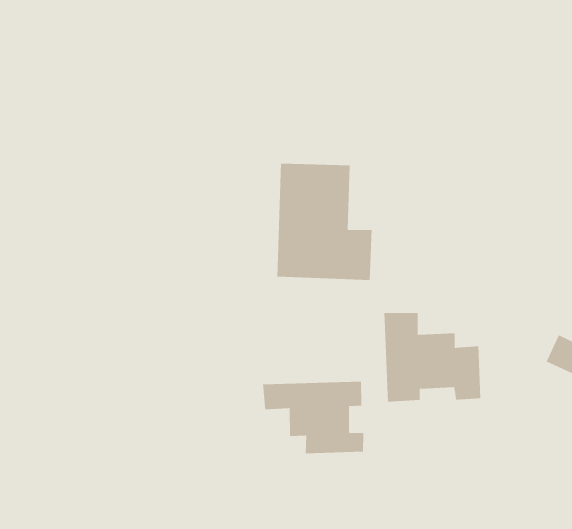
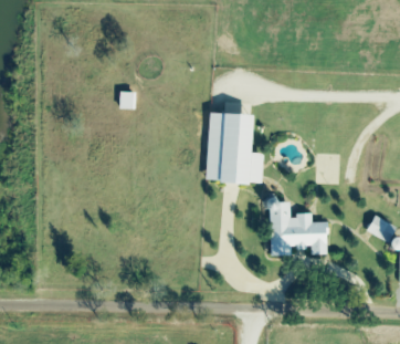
building: [262,381,364,454] -> none

